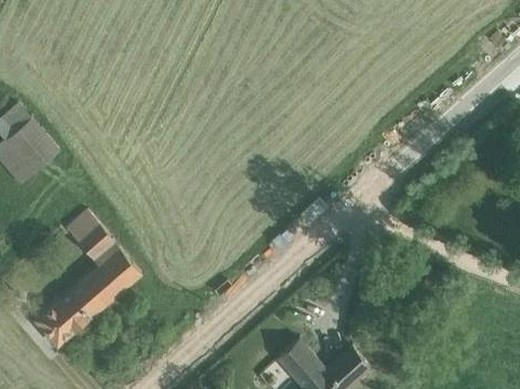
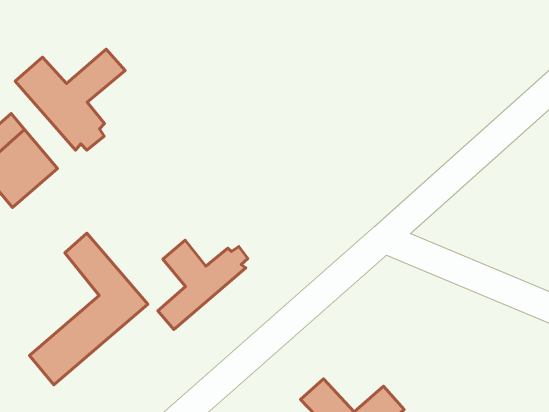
building: none -> [15,49,125,150]
building: none -> [158,240,248,330]

